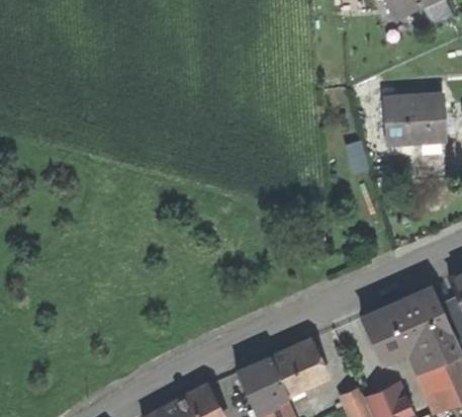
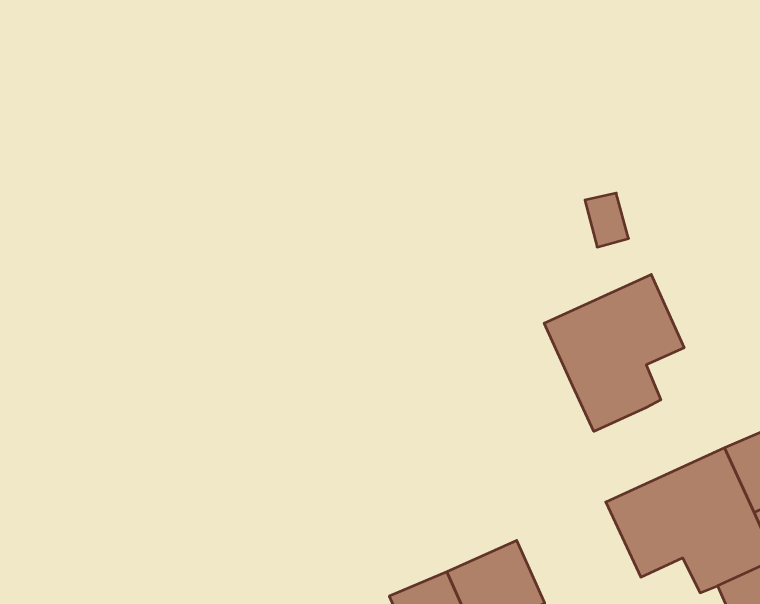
building: [383,95,445,142] -> none
building: none -> [544,274,684,431]

